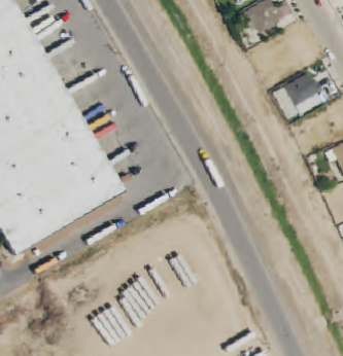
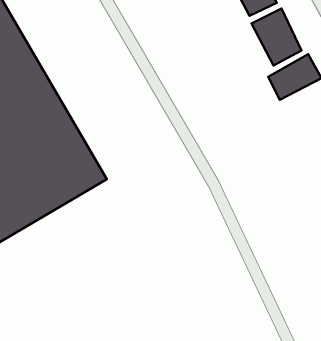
building: none -> [252,8,301,65]

